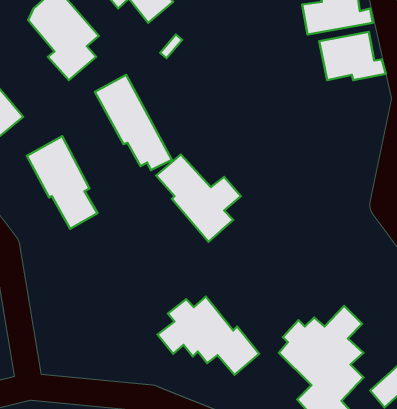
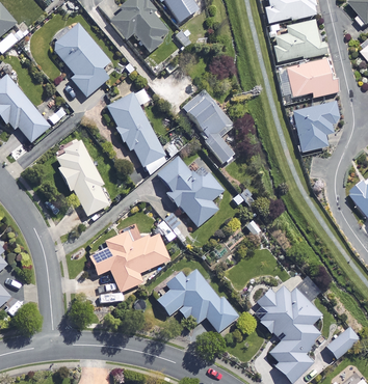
building: none -> [182,89,234,163]
building: none -> [292,102,339,152]
building: none -> [90,230,169,292]

